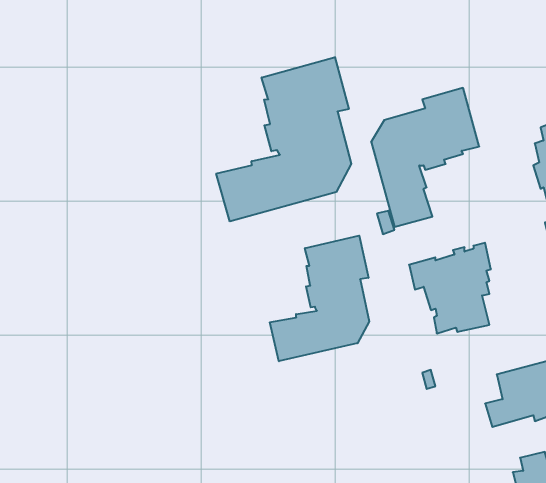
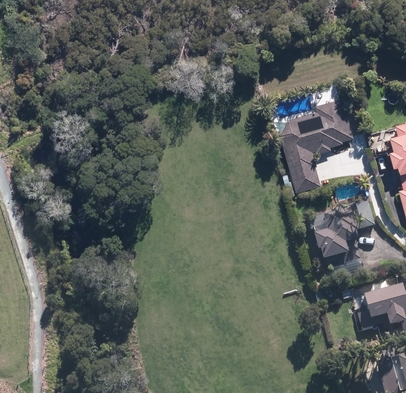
building: [216,57,351,221] -> none
building: [270,236,369,361] -> none

